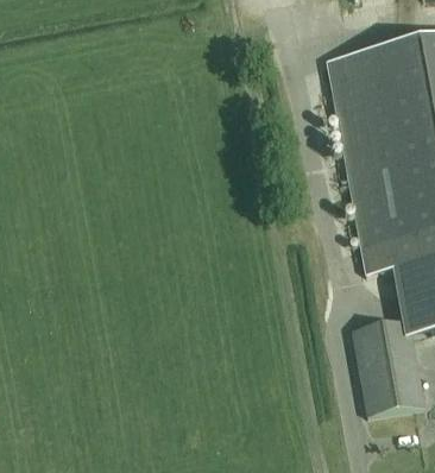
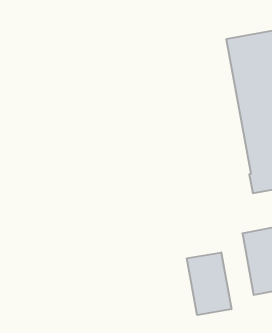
building: none -> [187,252,231,315]

